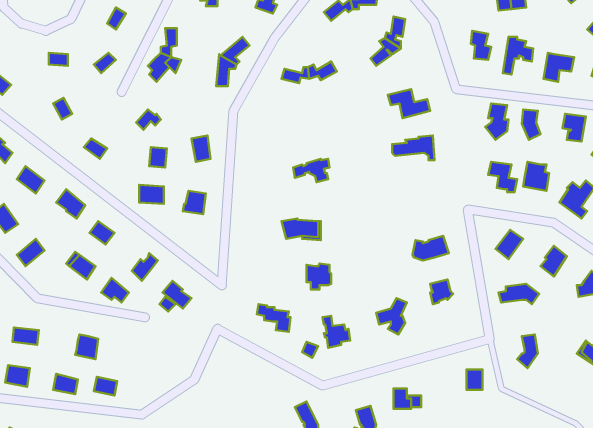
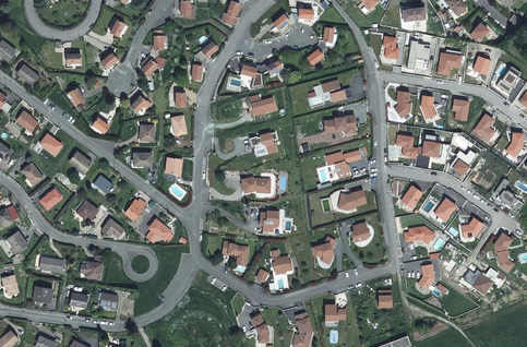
building: none -> [241,94,276,116]
building: none -> [325,149,361,174]

